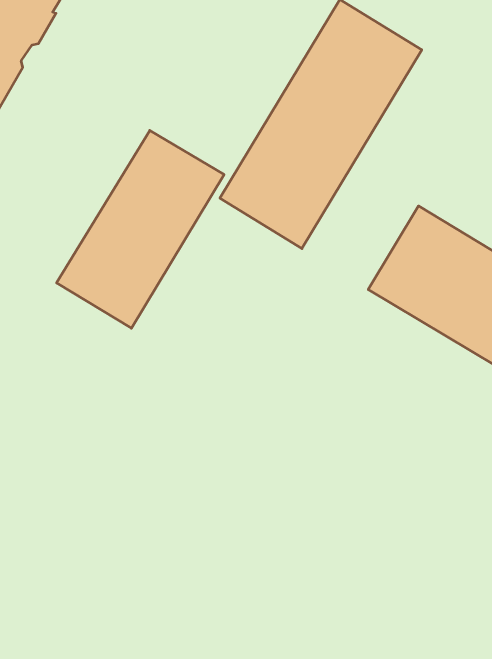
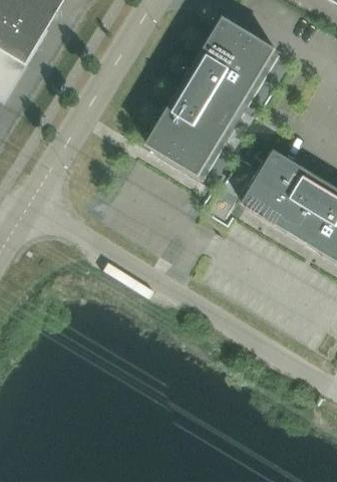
building: [57,130,224,328] -> none

